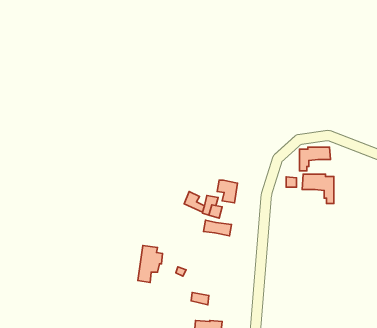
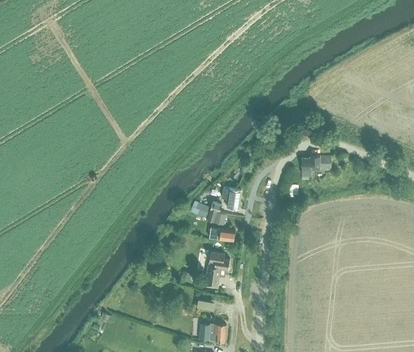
building: [302,174,334,203] -> none
building: [138,245,163,283] -> [204,250,228,286]

